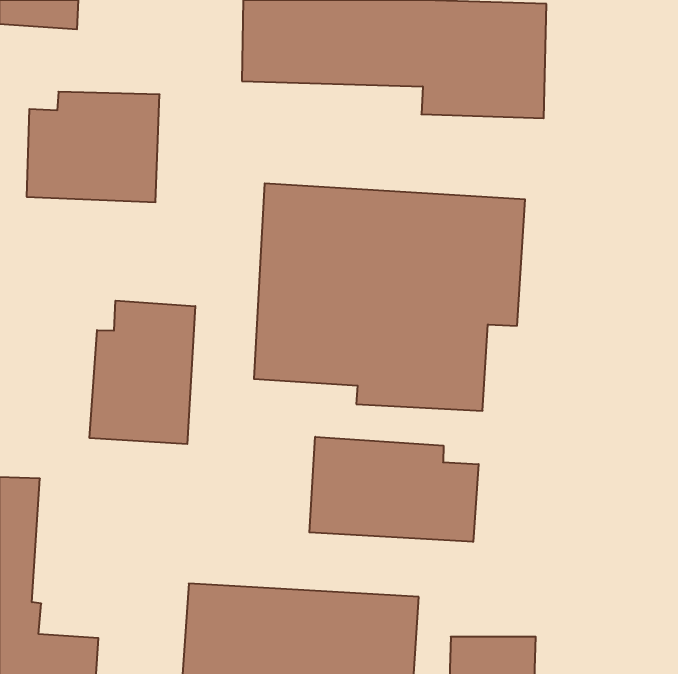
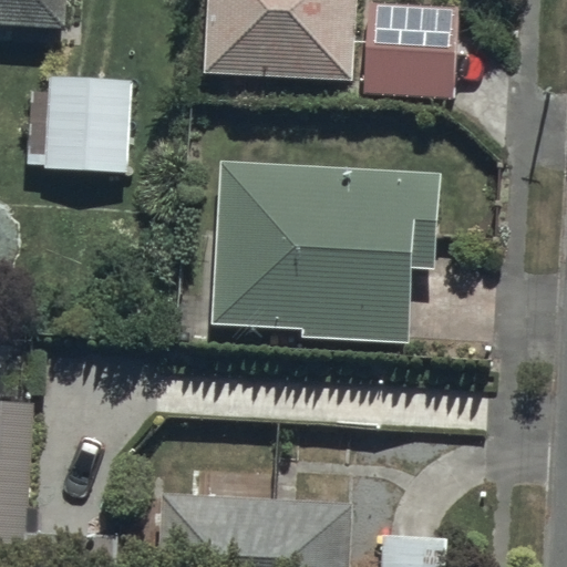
building: [90,301,195,444] -> none
building: [309,437,479,542] -> none

